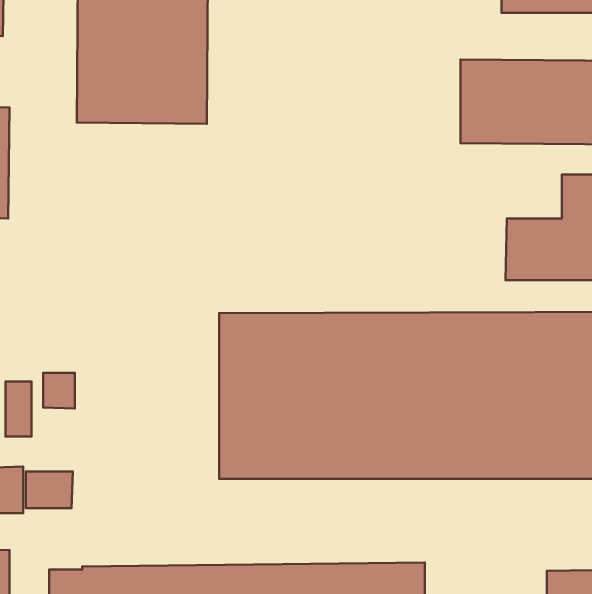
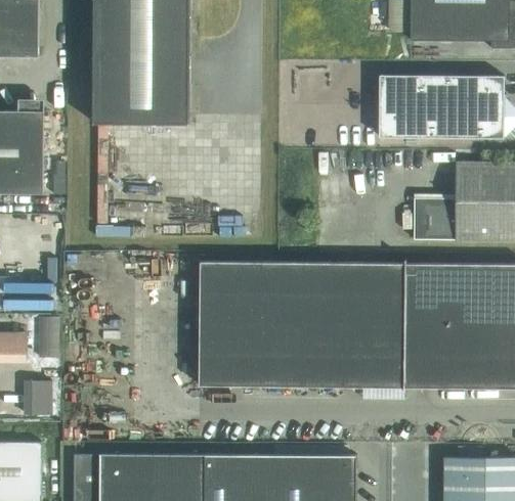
building: [43,373,75,409] -> none
building: [26,472,73,508] -> none

